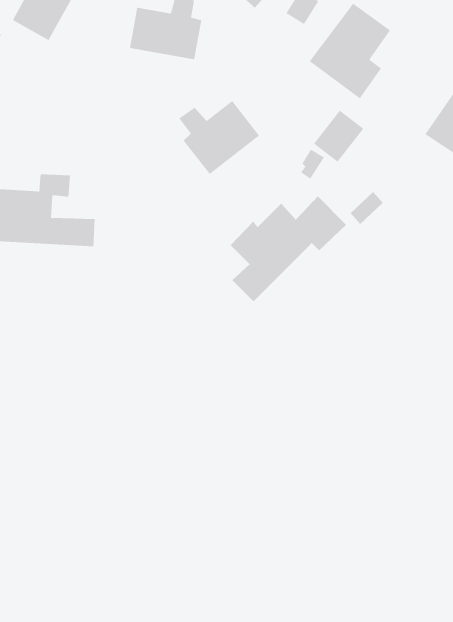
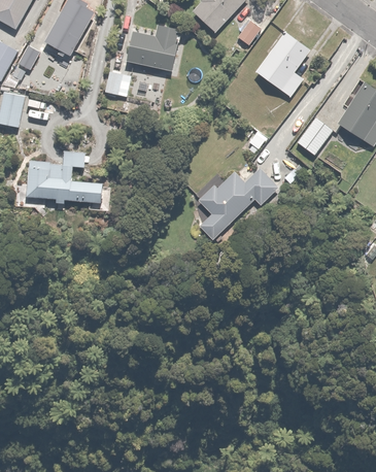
building: none -> [104,64,124,96]
building: [178,100,260,175] -> none
building: [313,110,364,162] -> [297,119,333,156]

